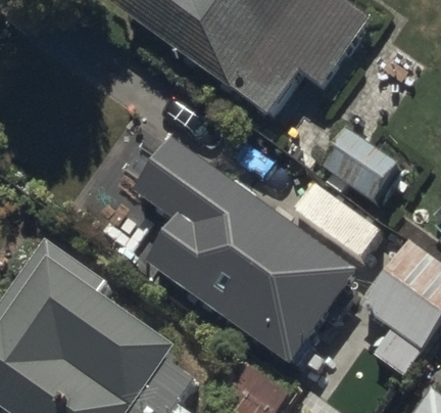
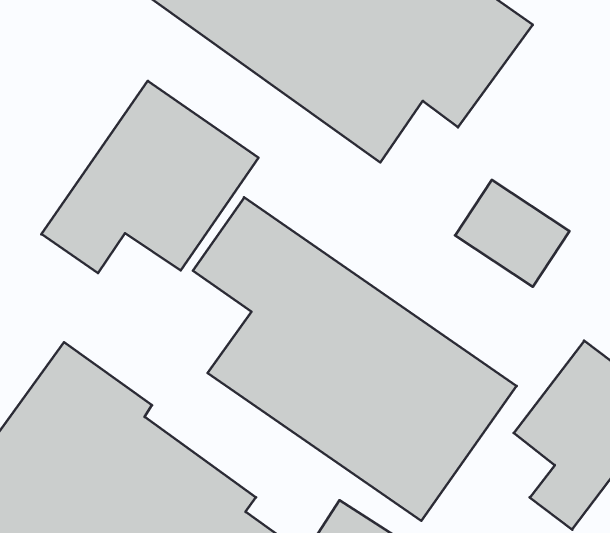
building: none -> [41,81,258,273]

